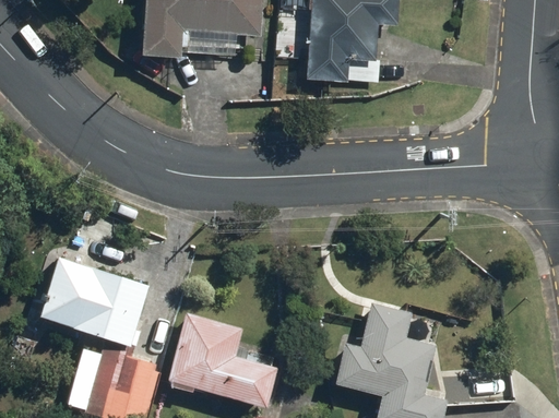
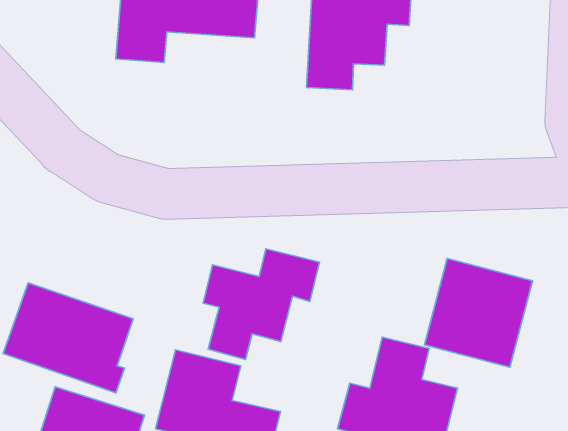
building: none -> [203,249,320,359]
building: none -> [424,259,532,367]

